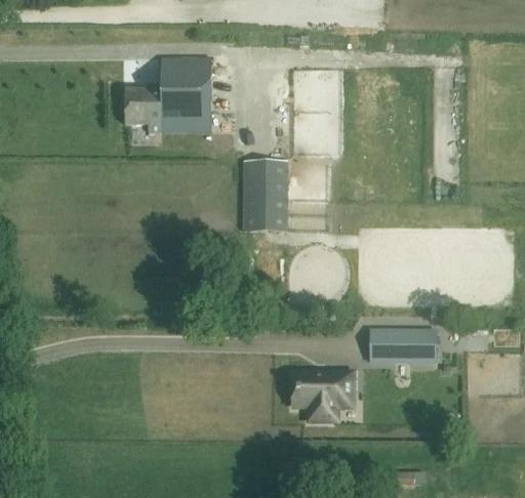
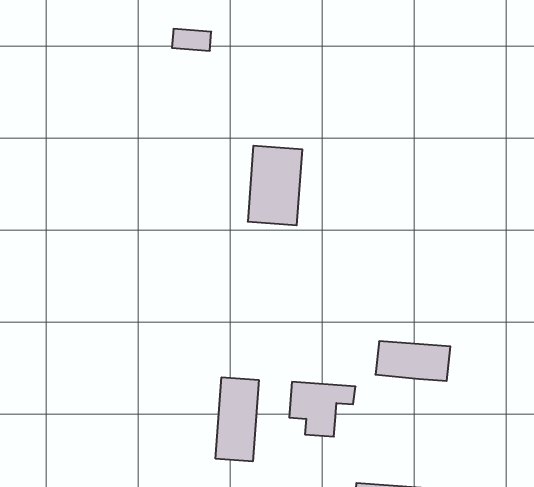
building: [126,79,212,138] -> none
building: none -> [216,377,259,461]

